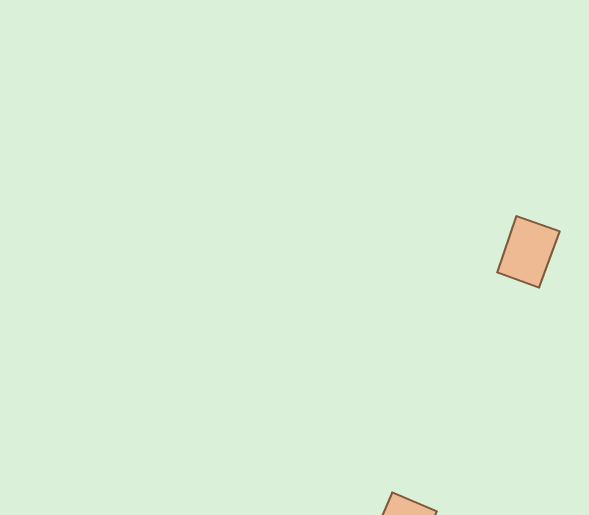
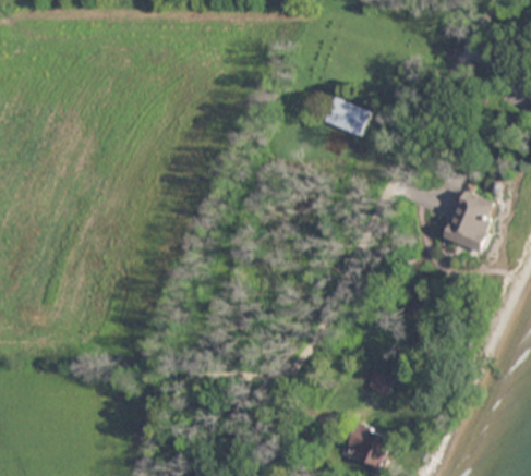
building: none -> [321,97,367,136]

